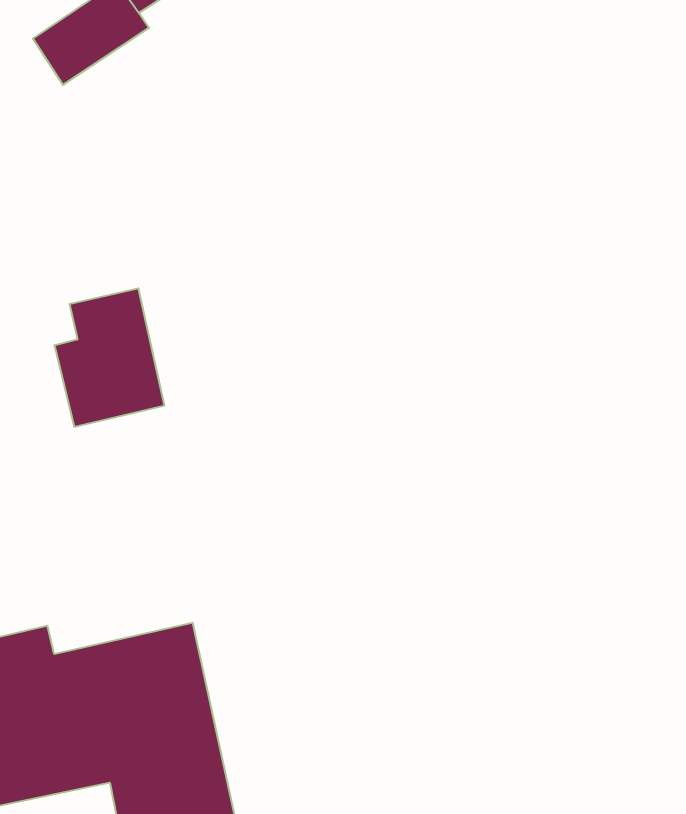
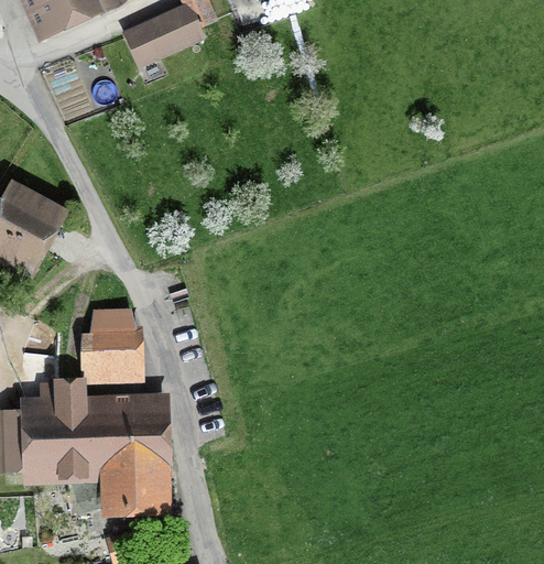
building: [54,288,164,427] -> [78,307,138,383]

